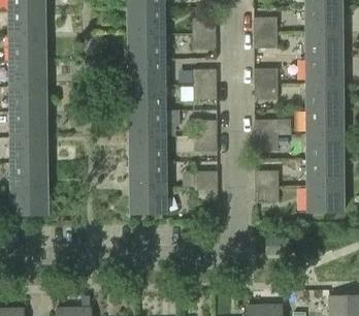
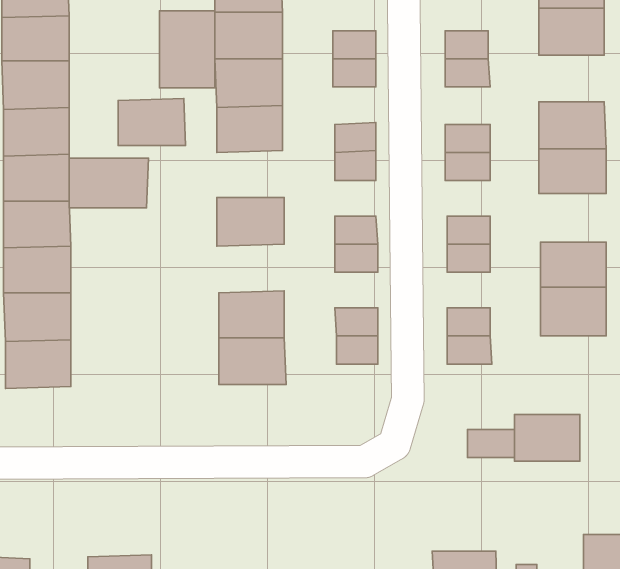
building: none -> [160,11,215,88]
building: [305,32,341,58] -> none
building: [128,85,165,110] -> [118,99,186,145]
building: none -> [69,158,149,208]
building: [305,108,342,135] -> none
building: [128,136,165,163] -> none
building: [306,187,342,213] -> [514,414,580,461]

